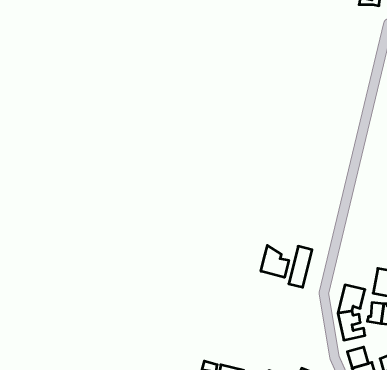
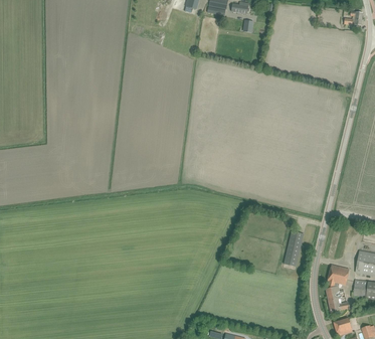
building: [261,245,289,277] -> none

